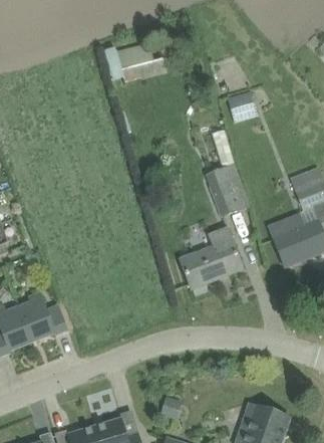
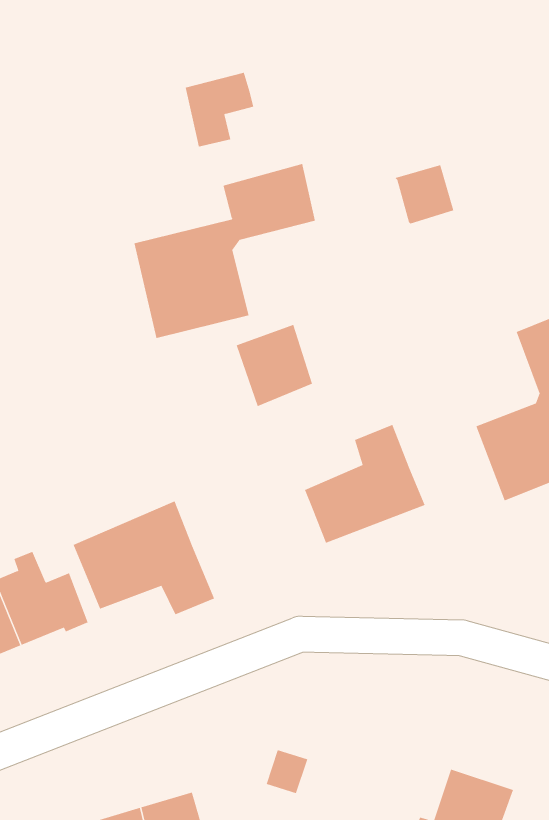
building: none -> [134,163,316,339]
building: [209,175,249,218] -> [236,324,313,407]
building: none -> [73,500,215,615]

